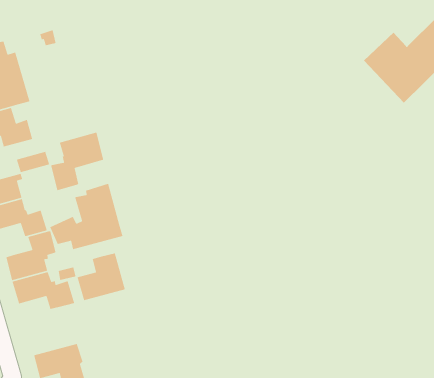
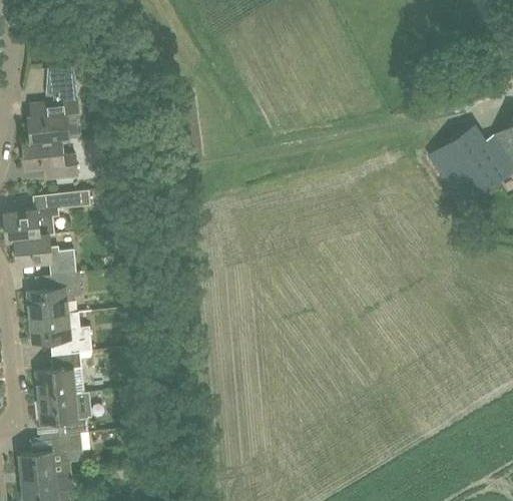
building: [50,130,104,191] -> none
building: [49,175,124,250] -> none
building: [76,253,126,301] -> [35,352,83,396]

